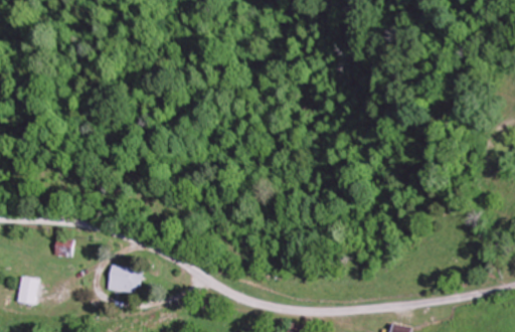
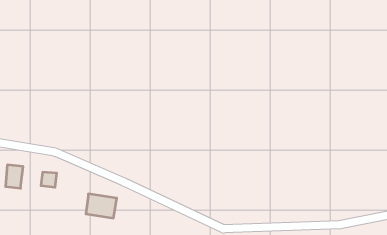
building: [18,277,39,305] -> [6,165,23,188]

